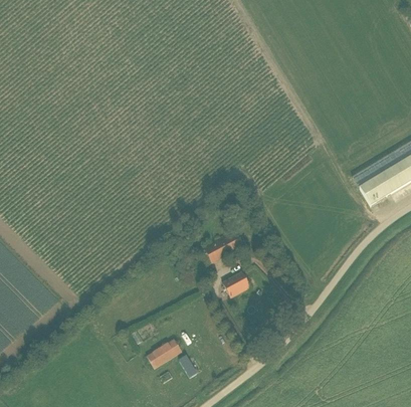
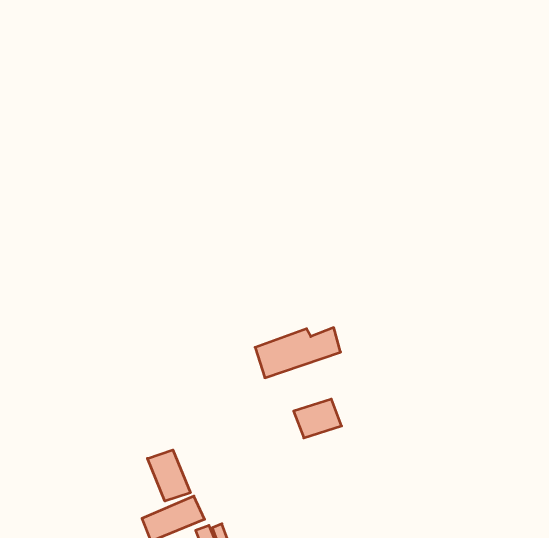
building: none -> [147,450,190,501]

